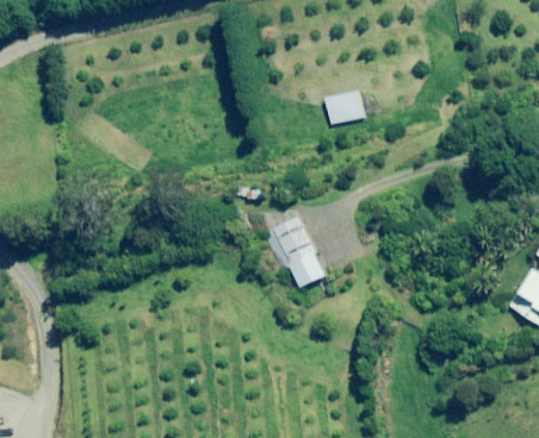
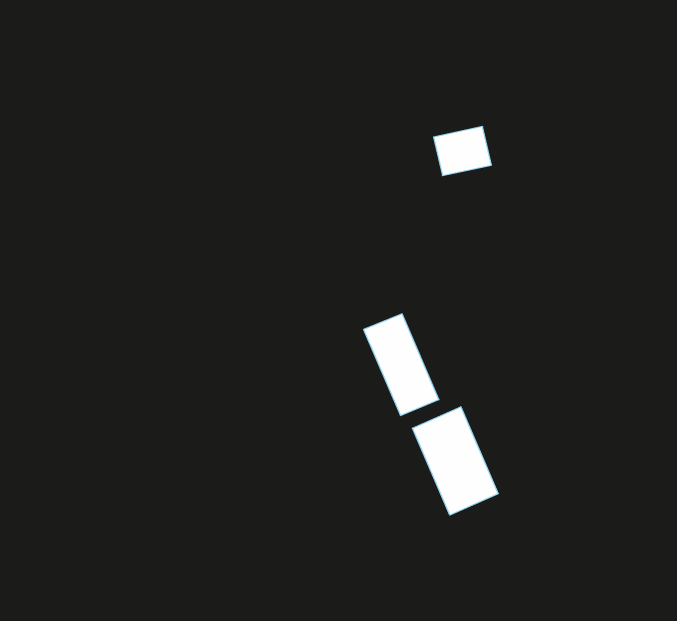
building: none -> [413,407,498,515]

